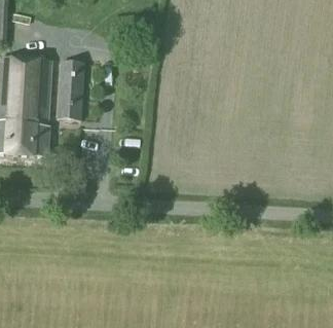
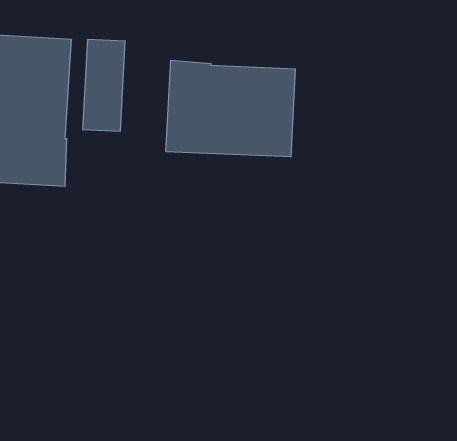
building: none -> [166,60,295,157]

